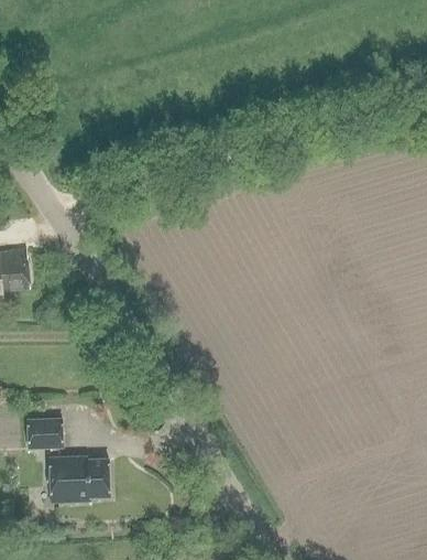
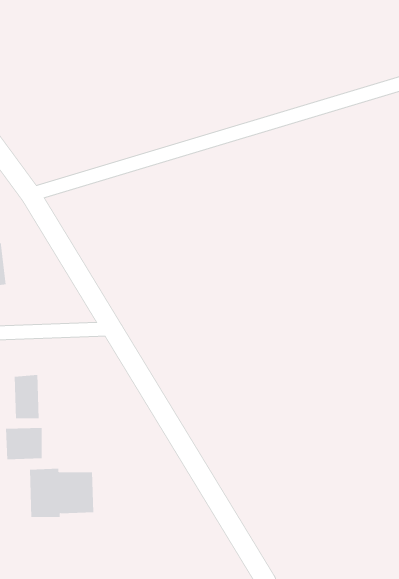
building: none -> [14,374,39,419]

